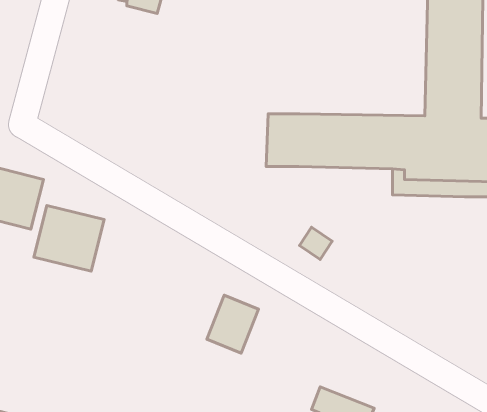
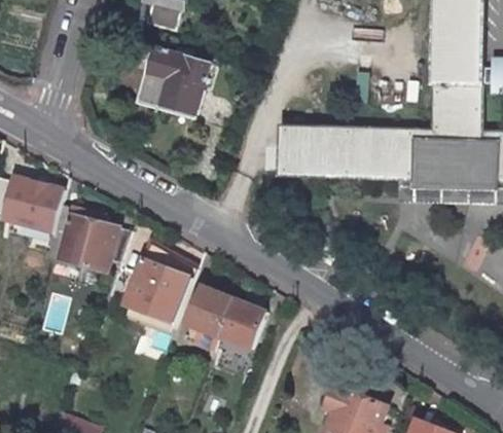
building: none -> [142,50,206,113]
building: none -> [122,255,194,325]
building: none -> [186,283,238,339]

